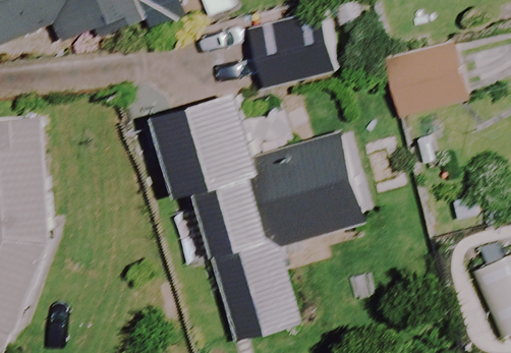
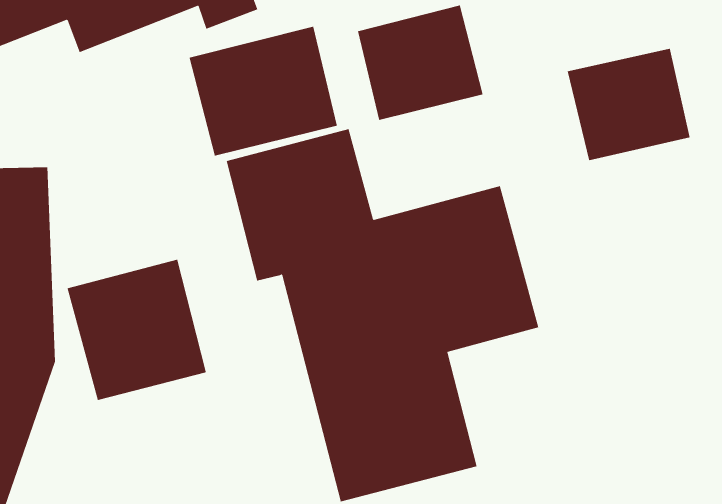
building: none -> [189,26,338,156]
building: none -> [67,259,206,401]

